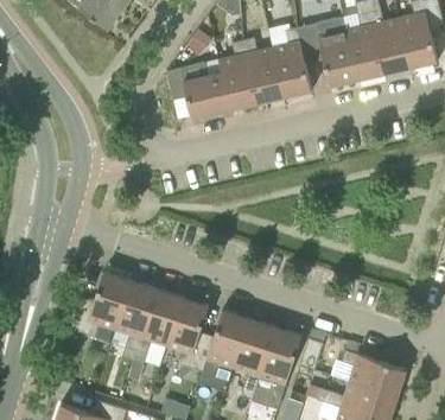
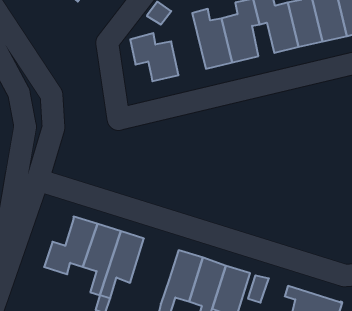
building: [214,42,253,112] -> none
building: [167,297,211,370] -> none

